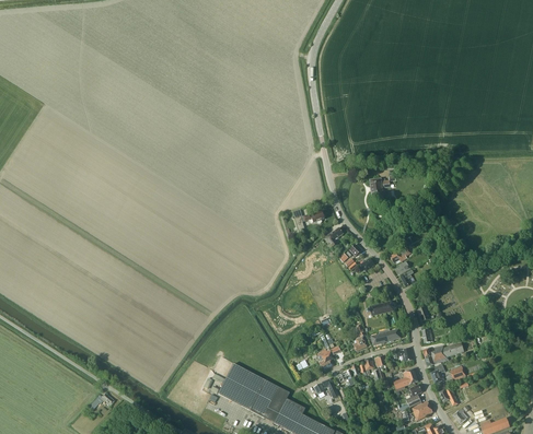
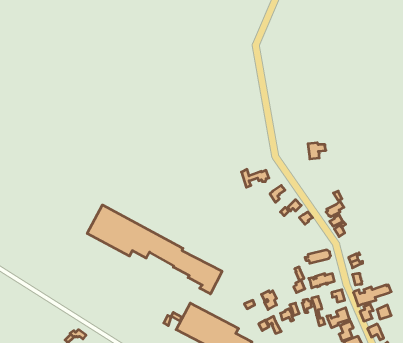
building: none -> [87,205,222,294]

